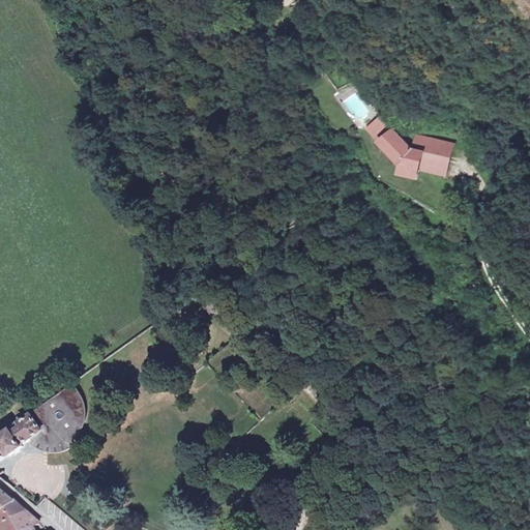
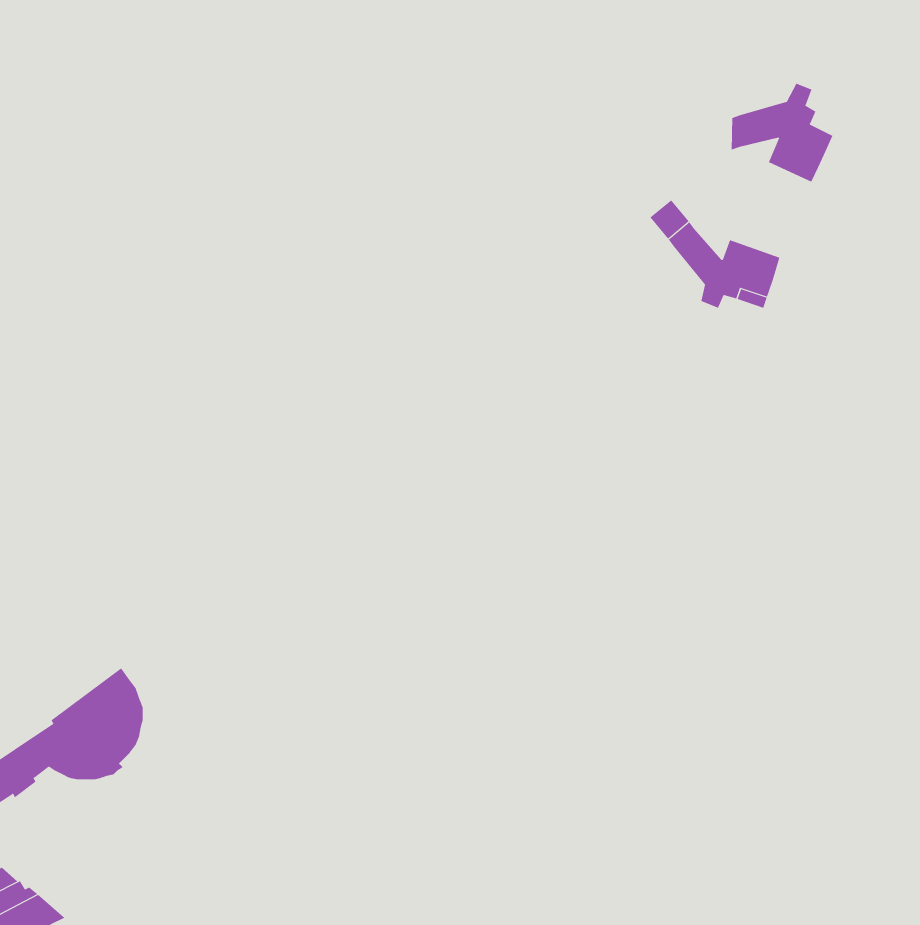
building: none -> [731,83,833,183]

